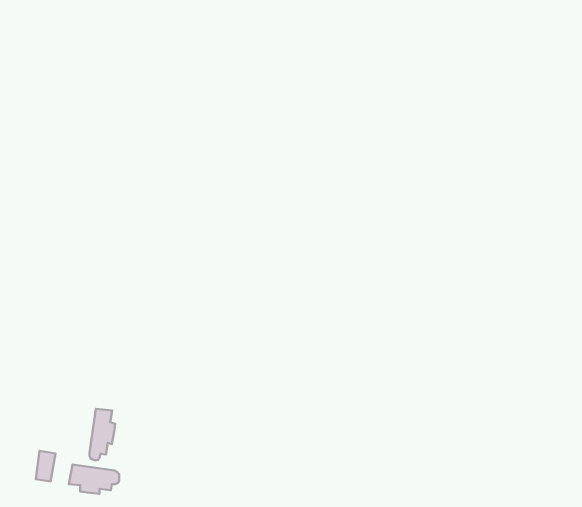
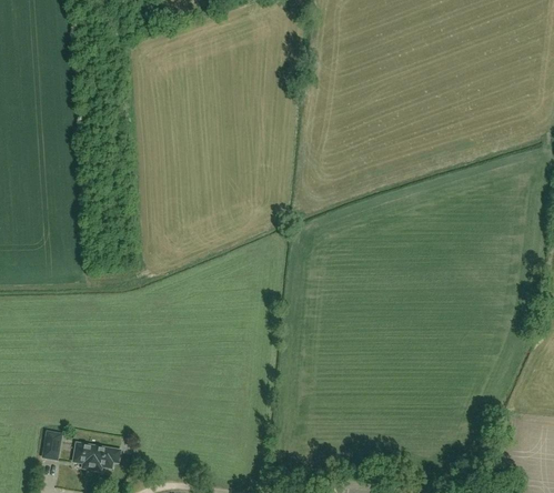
building: [89,409,115,460] -> none

